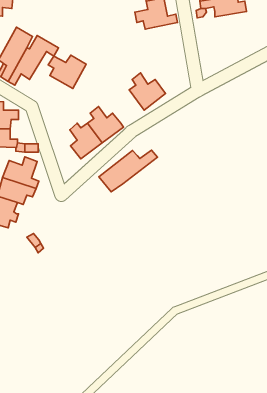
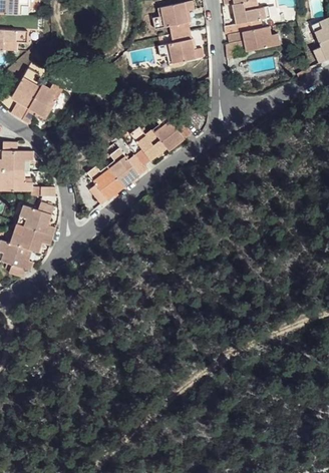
building: [48,55,86,88] -> none
building: none -> [130,126,167,165]
building: [99,150,157,192] -> none

